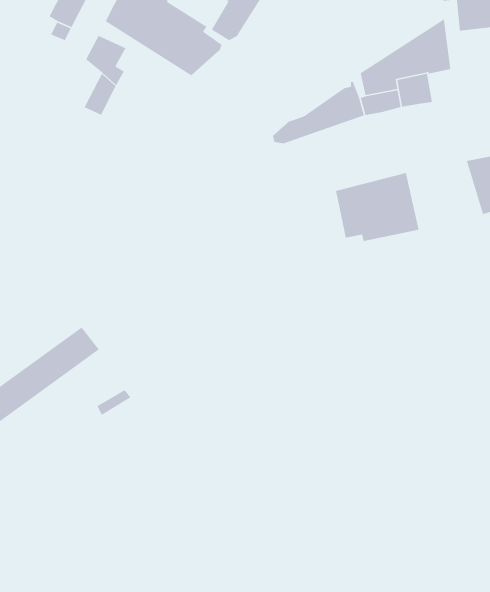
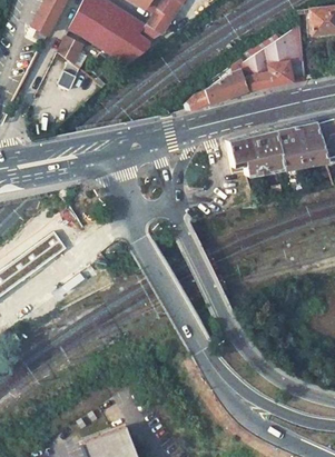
building: none -> [274,120,325,167]

